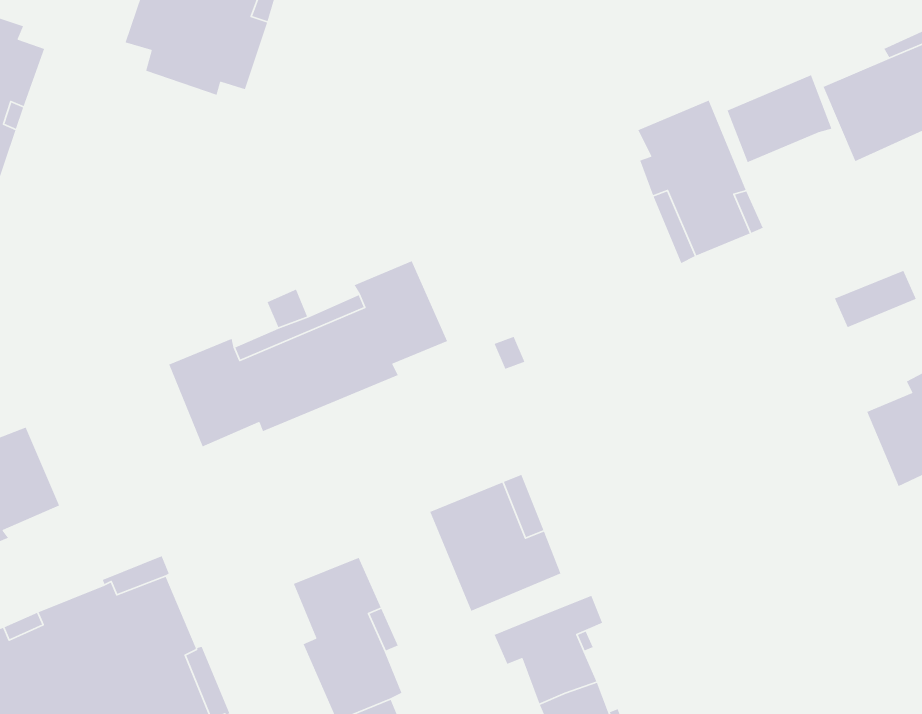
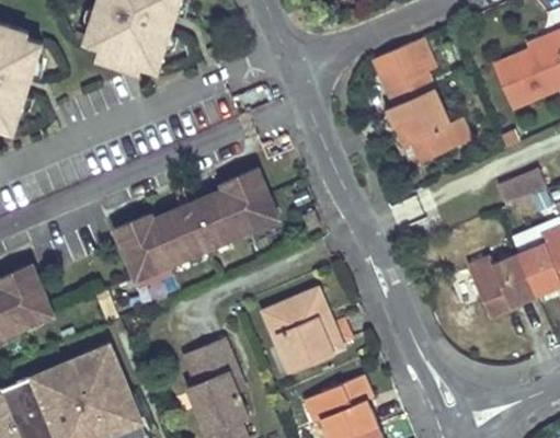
building: [726,74,832,163] -> [374,39,435,91]
building: none -> [468,254,537,321]

